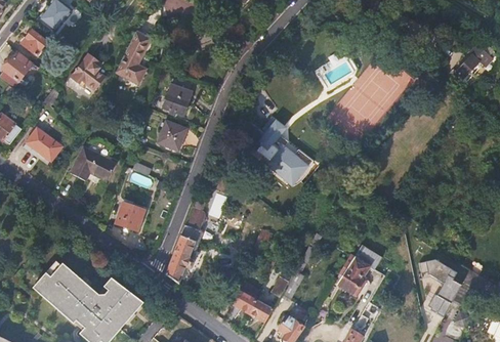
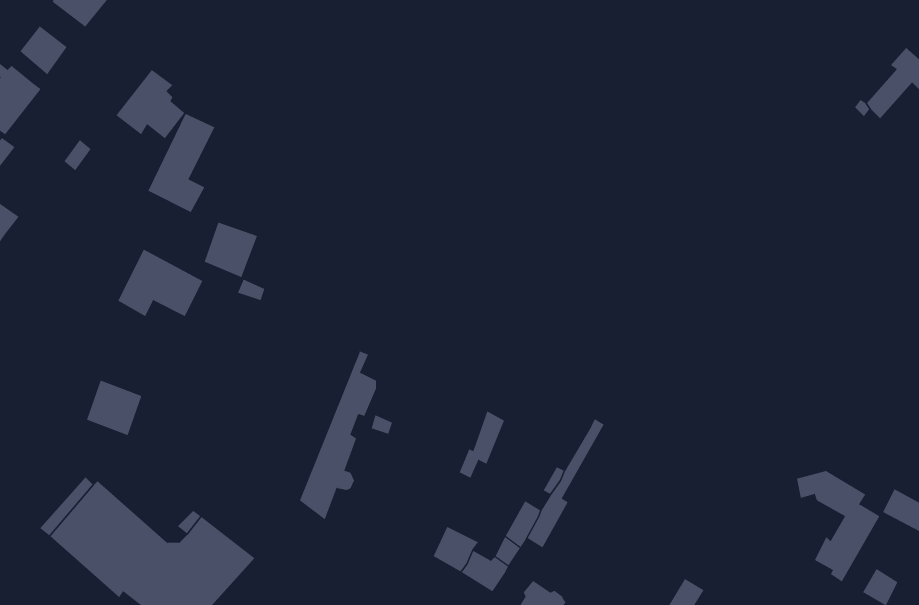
building: [118,25,153,76] -> [147,113,215,213]
building: [161,85,188,116] -> none
building: [255,118,310,181] -> none
building: [158,122,185,151] -> [204,222,258,278]
building: [26,128,60,162] -> none
building: [116,203,144,231] -> [86,380,142,436]
building: [337,245,382,297] -> none

